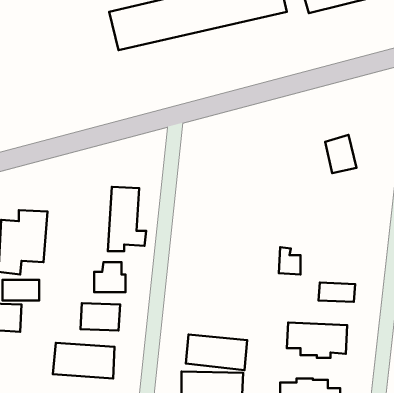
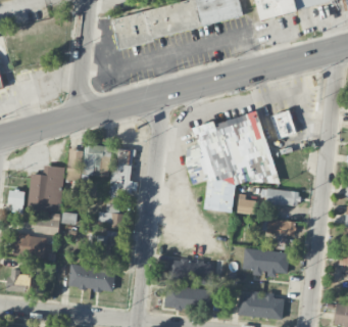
building: none -> [185,112,278,211]
building: none -> [84,145,101,176]
building: none -> [265,188,298,206]

